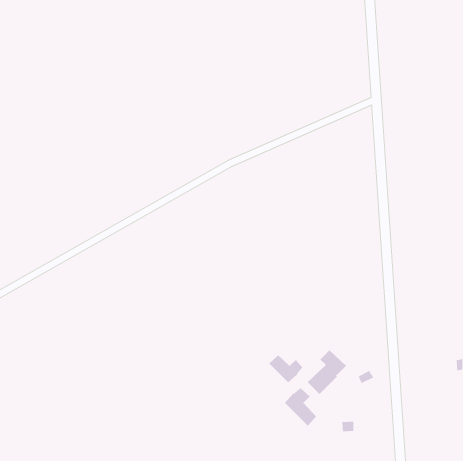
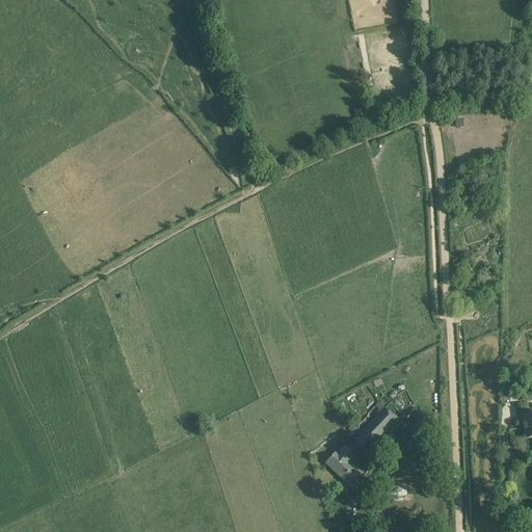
building: [268,355,303,383] -> none

